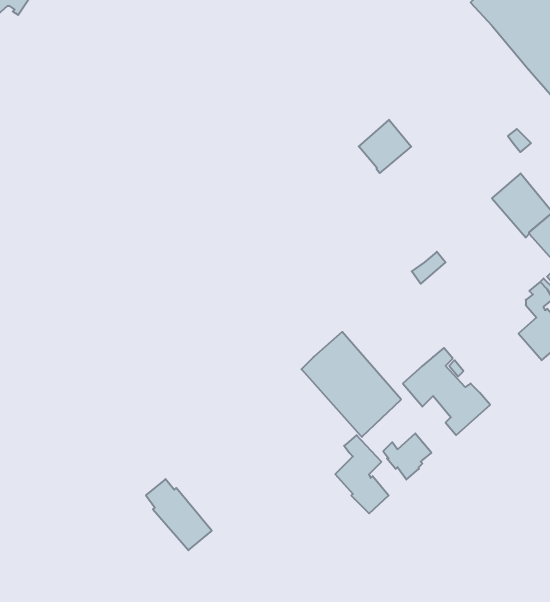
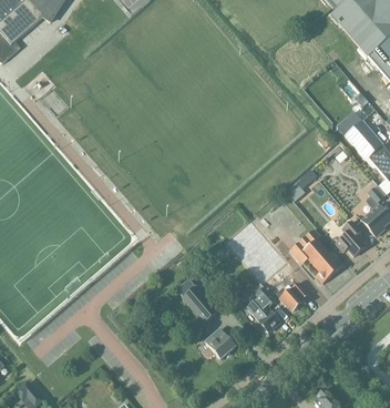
building: [359,120,411,173] -> none
building: none -> [335,220,366,256]
building: [146,479,212,550] -> [176,278,217,323]
building: none -> [203,327,235,359]

